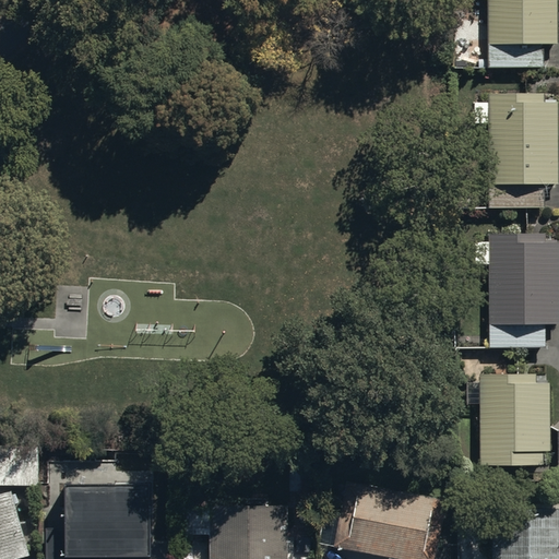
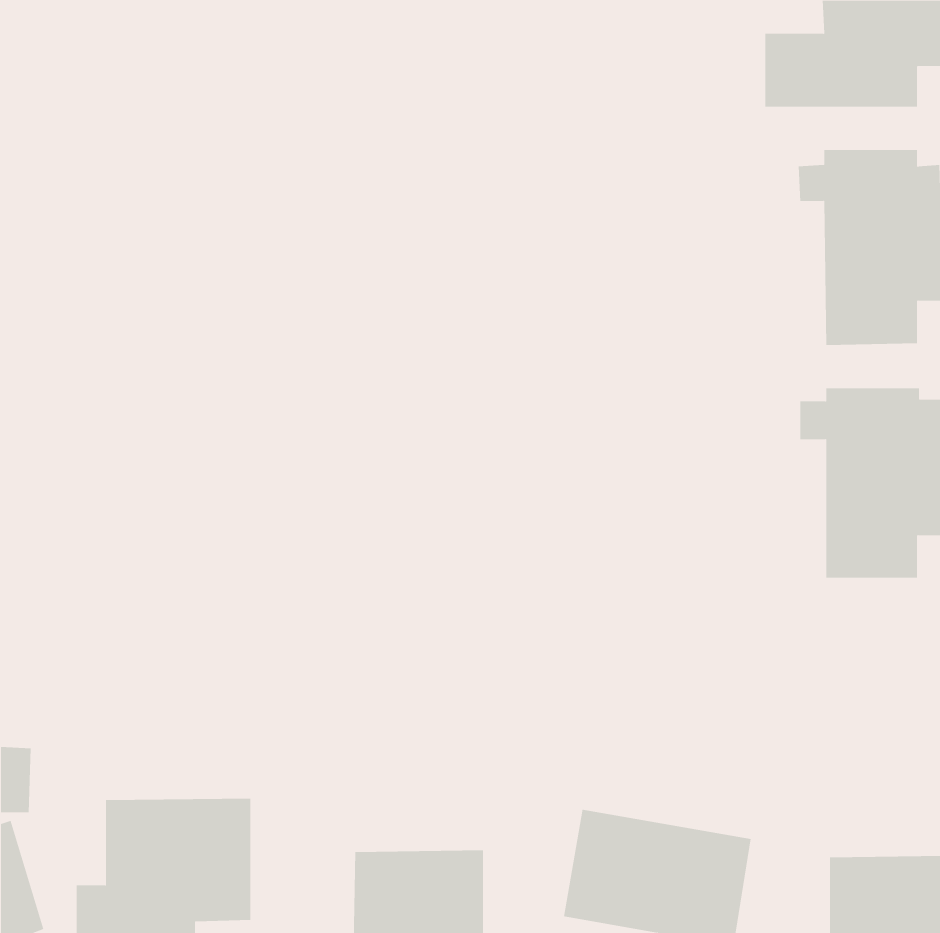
building: [480,377,550,466] -> none

